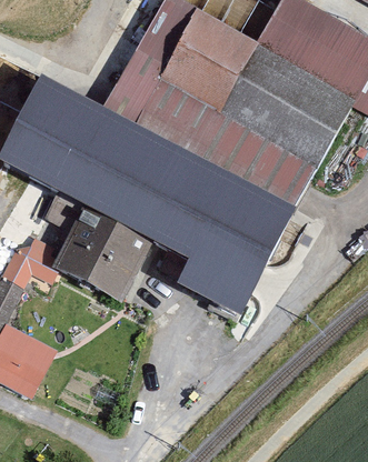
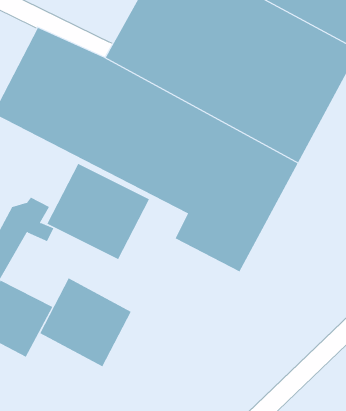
building: none -> [39,278,132,367]

